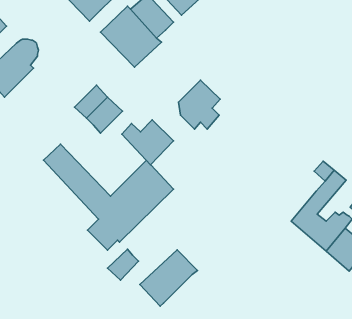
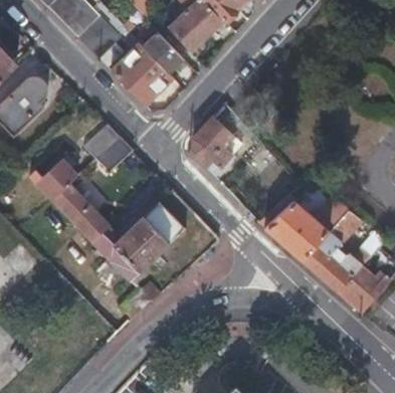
building: [122,120,173,165] -> none
building: none -> [37,159,78,199]
building: none -> [264,200,328,260]
building: [140,250,198,306] -> none

